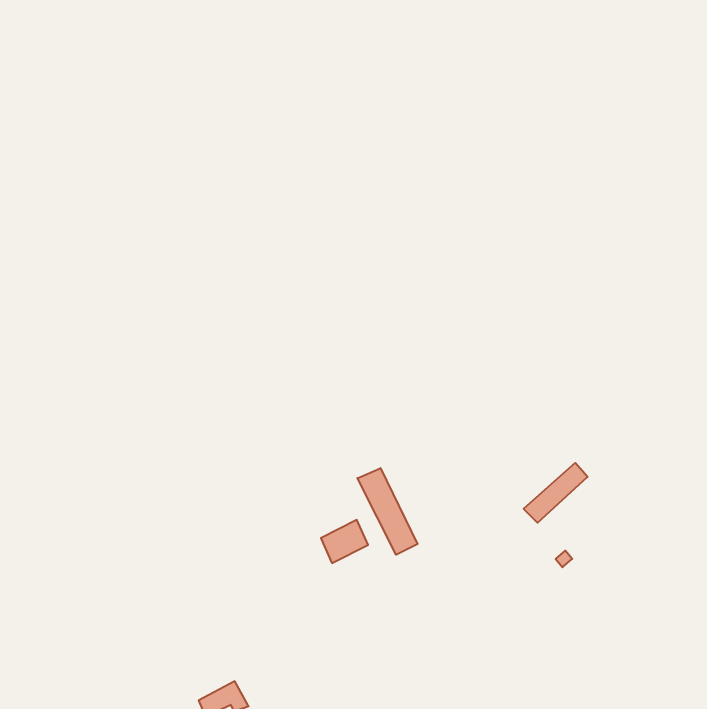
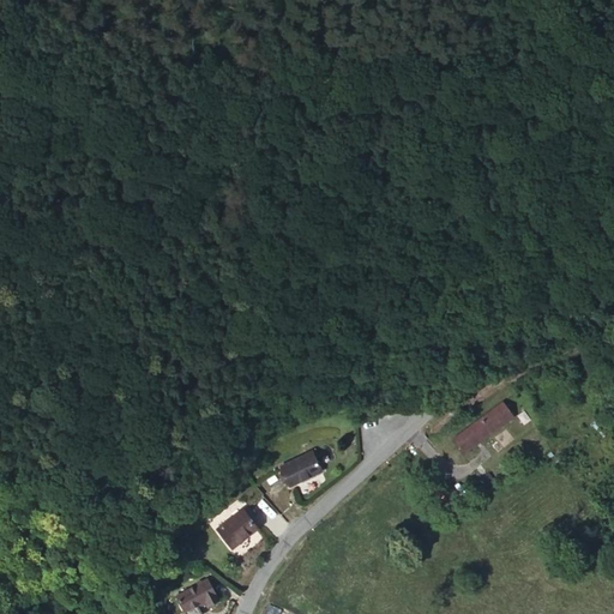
building: [357,468,418,555] -> none
building: none -> [218,510,260,549]

